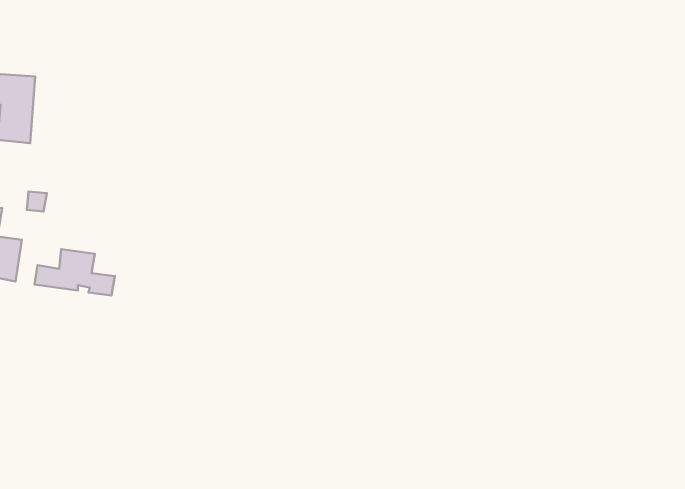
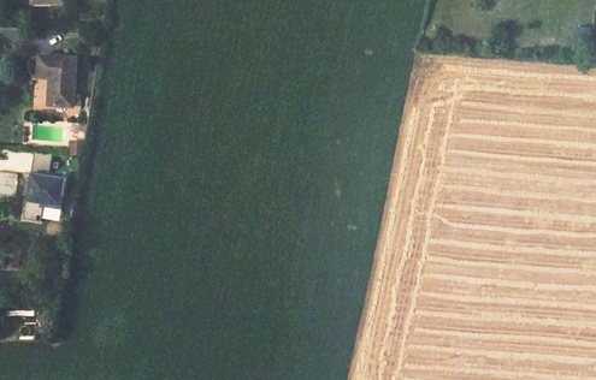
building: [34,249,115,295] -> none

